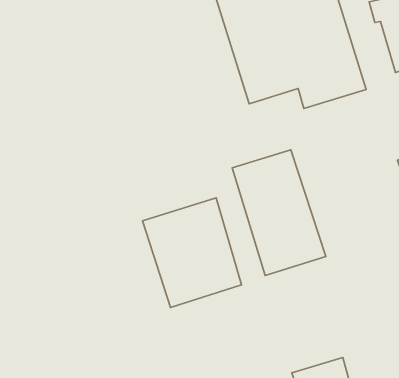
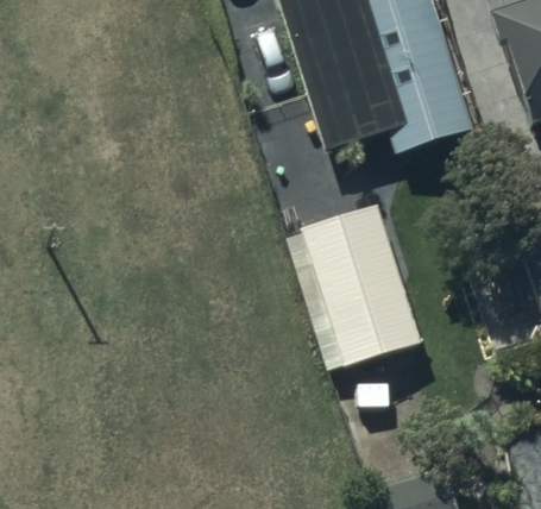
building: [143,198,241,307] -> none

